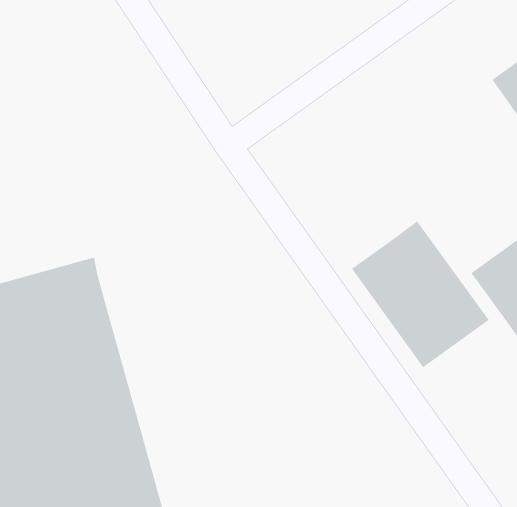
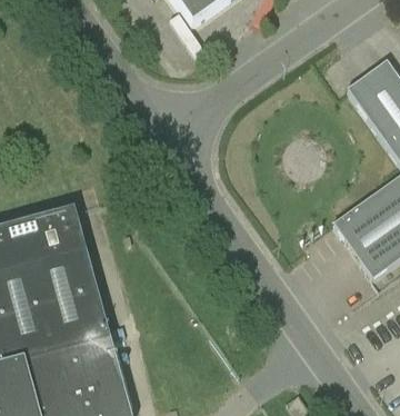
building: [351,220,489,368] -> none

